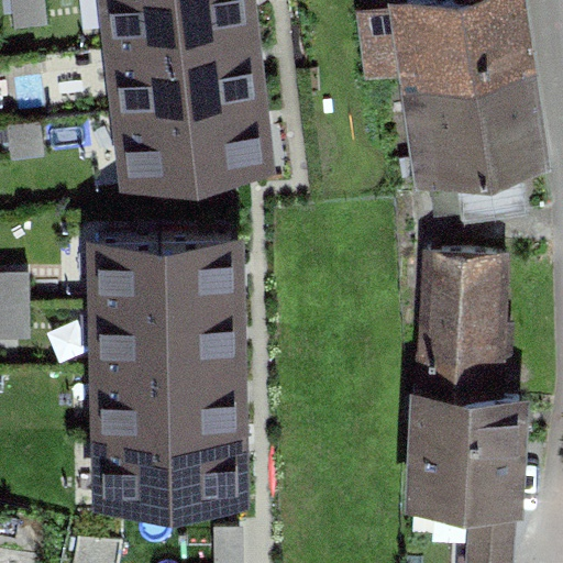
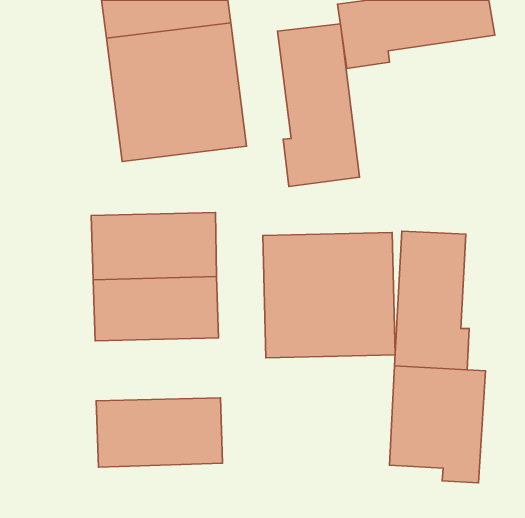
building: none -> [278,24,360,186]
building: [412,49,542,221] -> none
building: none -> [263,232,395,358]
building: [101,371,234,438] -> none

